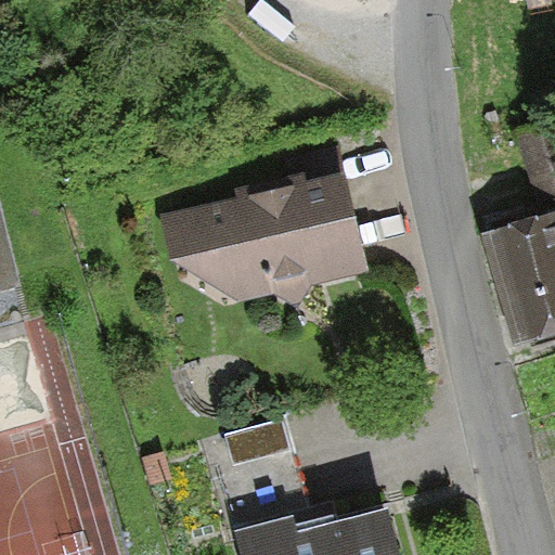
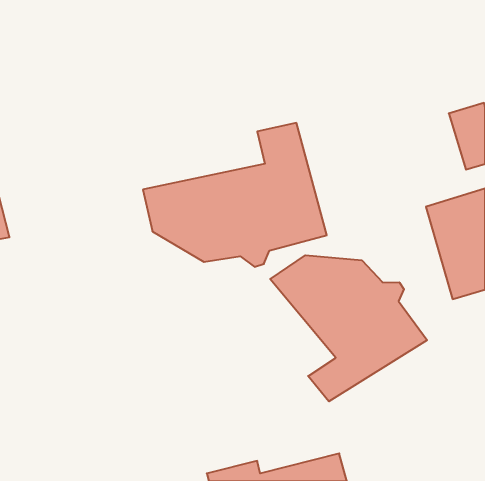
building: none -> [270,255,427,401]

